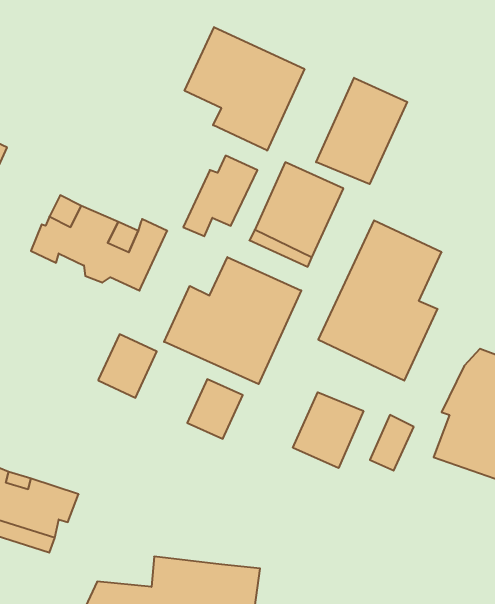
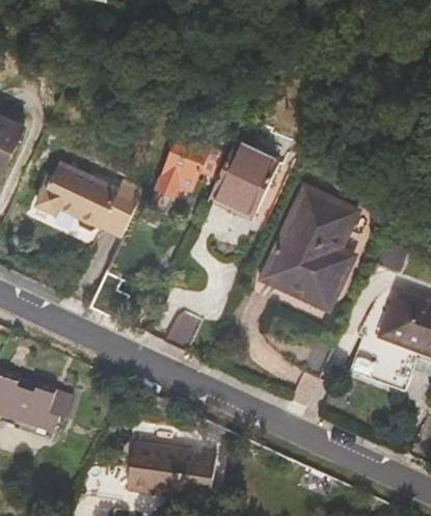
building: [185,27,304,151] -> none
building: [316,78,407,184] -> none
building: [164,257,301,384] -> none
building: [293,392,363,468] -> none

